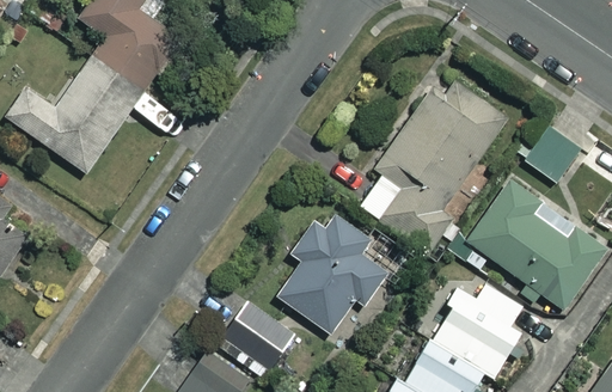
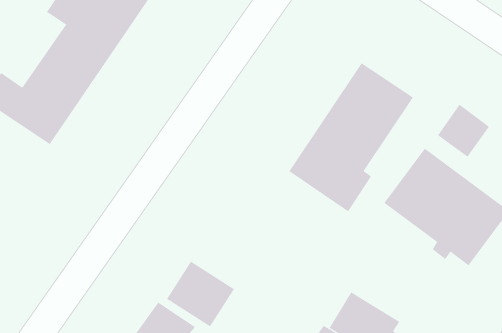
building: [277,214,386,333] -> none
building: [430,282,539,380] -> none

